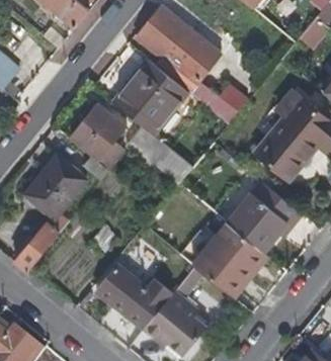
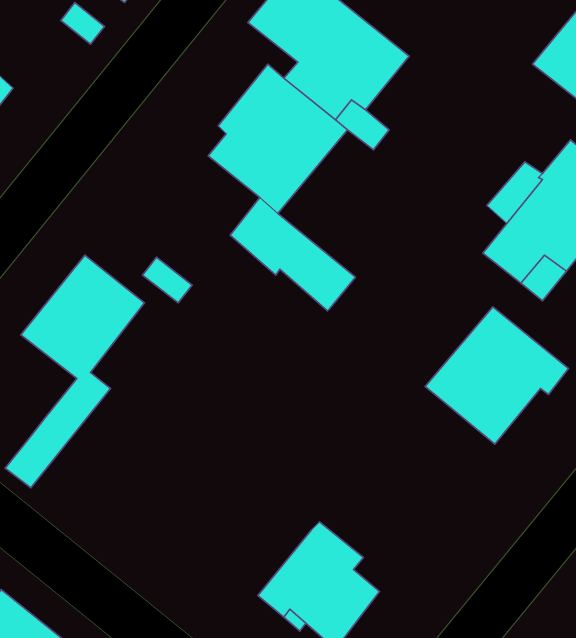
building: [201,85,245,122] -> none
building: [72,103,128,160] -> none
building: [193,221,267,296] -> none
building: [98,266,170,328] -> none

